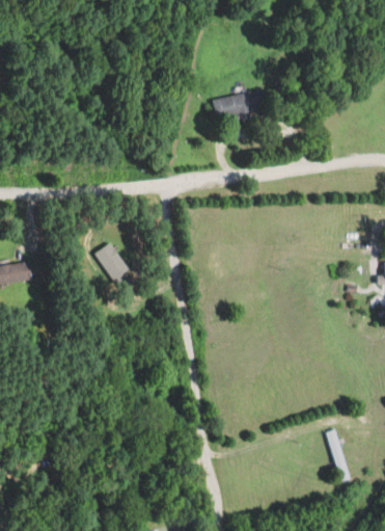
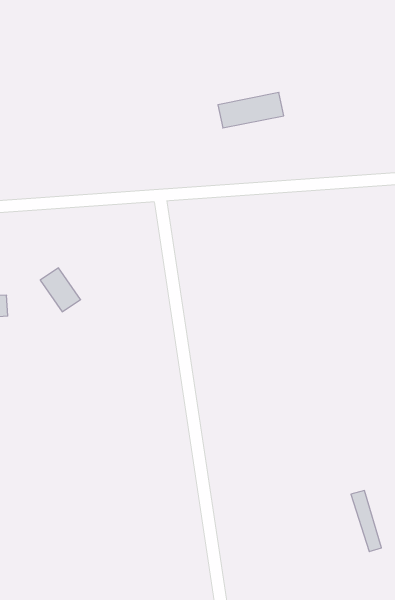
building: [95,242,130,280] -> [40,268,81,312]

